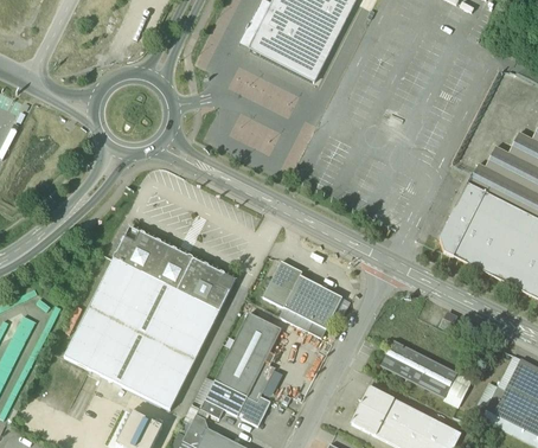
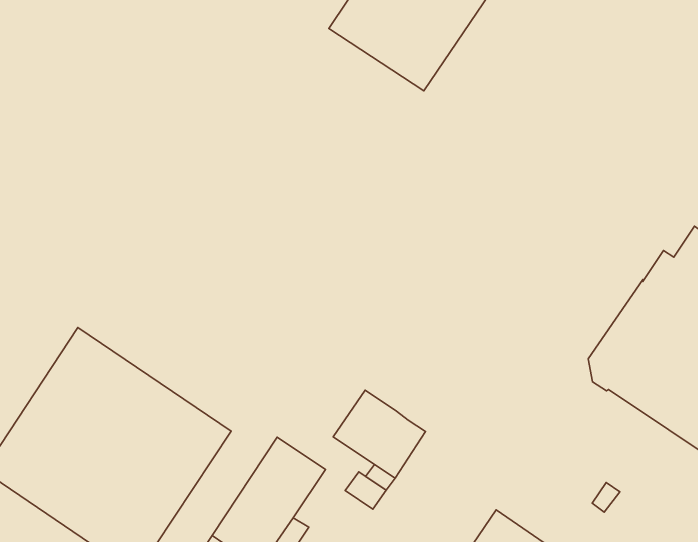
building: [113,226,235,312] -> none
building: [262,260,301,307] -> none

